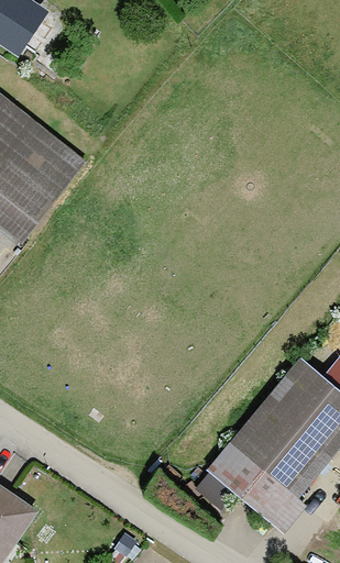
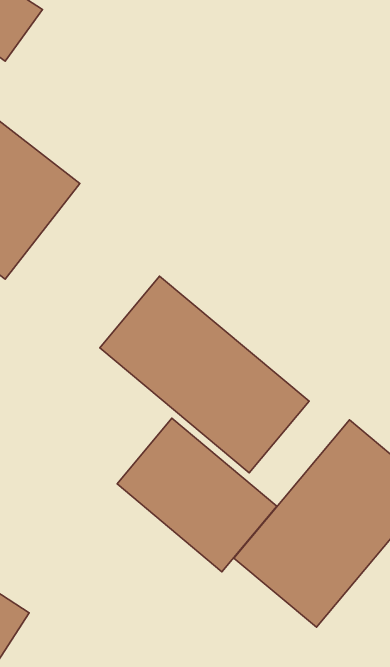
building: none -> [100,276,309,473]
building: none -> [117,418,277,572]

